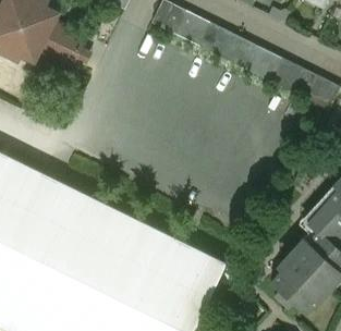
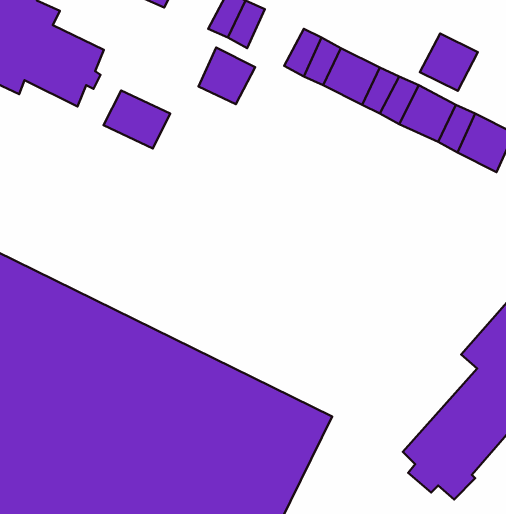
building: [174,11,209,46] -> [199,48,255,104]
building: none -> [420,33,478,91]
building: none -> [104,90,170,148]

